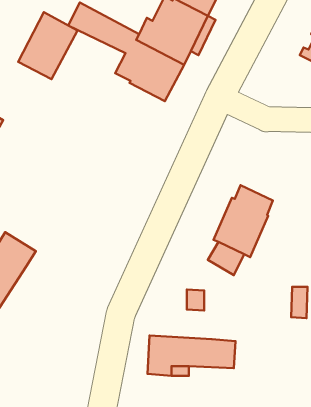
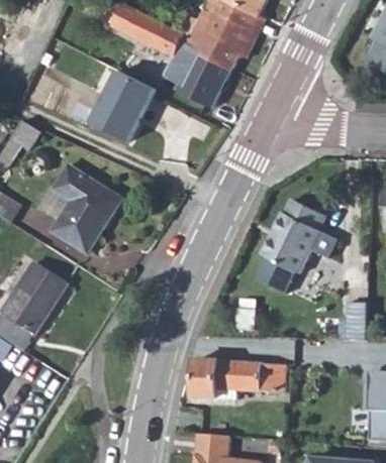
building: [18,12,77,79] -> [90,72,153,142]
building: none -> [53,164,125,251]

